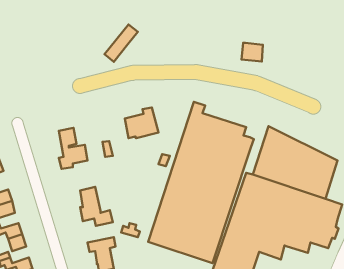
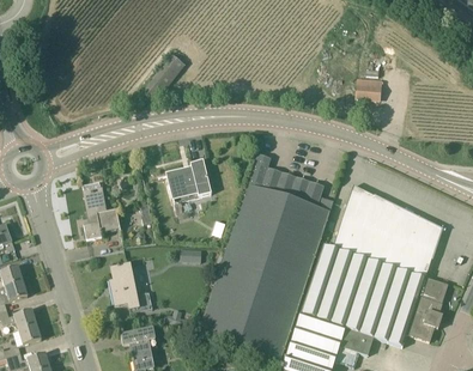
building: [241,43,263,61] -> [354,78,382,102]

